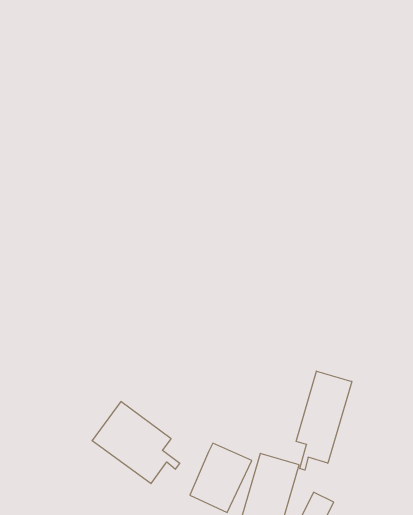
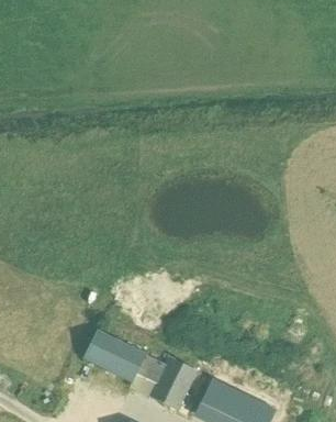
building: [296,371,352,470] -> none

